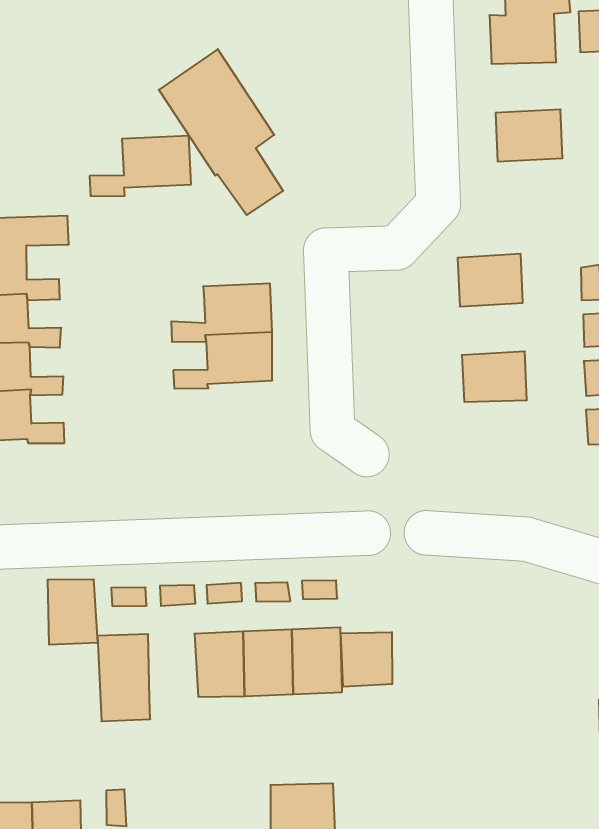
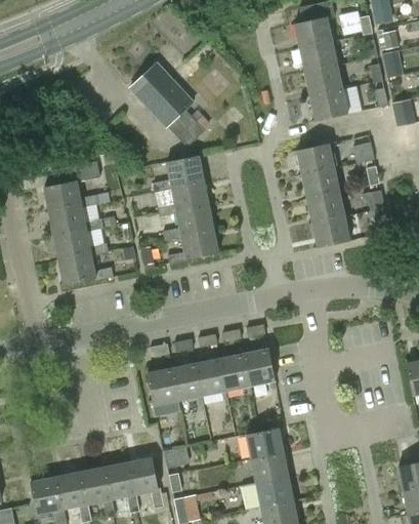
building: none -> [299,43,338,74]
building: [90,136,191,196] -> [153,155,205,194]
building: none -> [310,91,348,123]
building: none -> [303,168,340,200]
building: none -> [168,229,219,266]
building: none -> [313,217,350,249]
building: [47,579,98,645] -> [172,364,203,401]
building: [341,632,392,687] -> none

